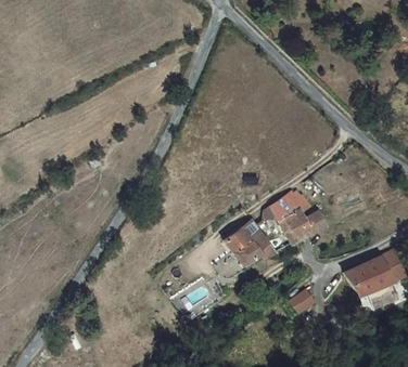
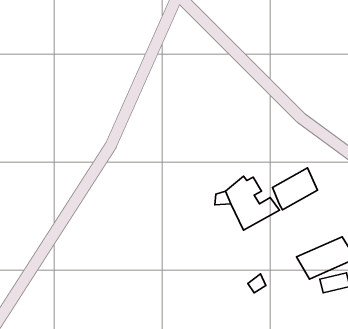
building: none -> [272,168,318,210]
building: [221,217,272,266] -> none

